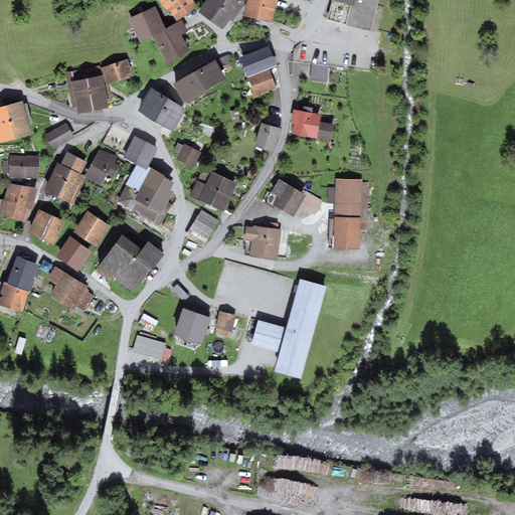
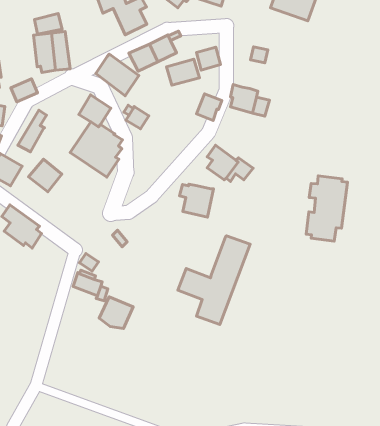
building: [237,45,276,76] -> [166,59,200,85]
building: [100,58,132,83] -> [34,14,62,34]
building: [83,149,118,185] -> none
building: [43,151,76,197] -> none
building: [189,170,236,211] -> none
building: [327,177,368,248] -> [306,176,347,241]
building: [184,208,218,246] -> none
building: [98,234,163,293] -> none
building: [55,235,92,272] -> none
building: [173,308,210,342] -> [99,297,133,328]
building: [214,310,235,337] -> none

